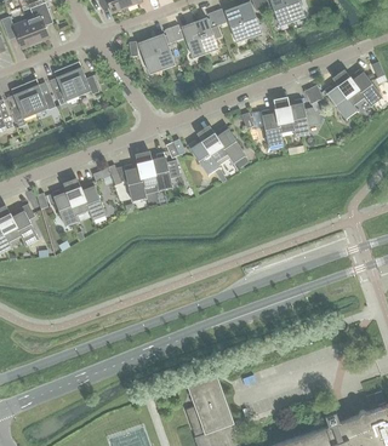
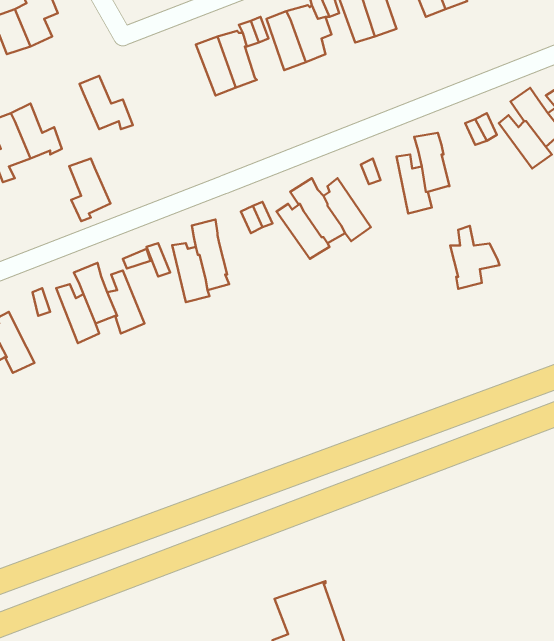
building: [52,67,78,105] -> [69,158,111,221]
building: [289,98,319,137] -> [450,226,499,289]
building: [150,153,178,190] -> none

